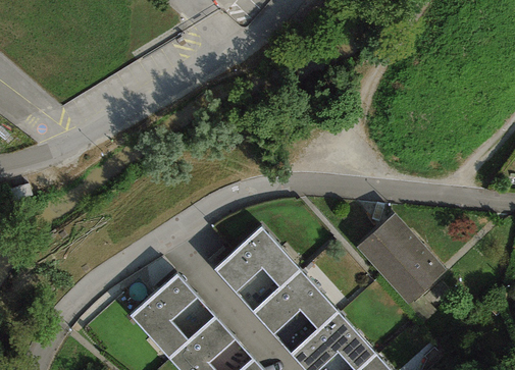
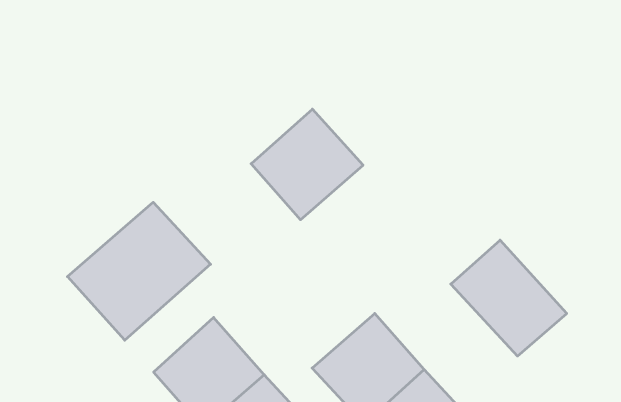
building: none -> [67,202,211,340]
building: [214,227,300,312] -> [251,109,363,220]

